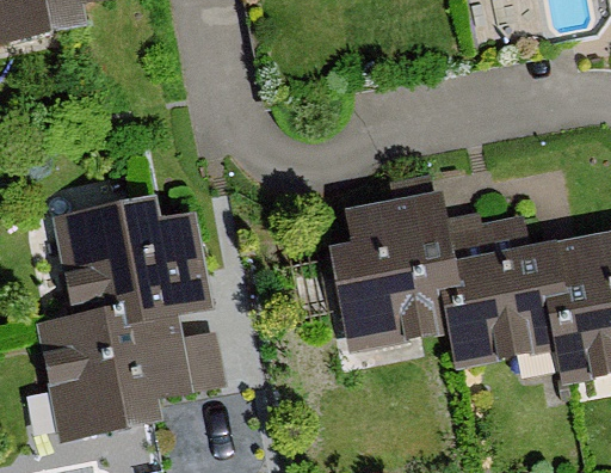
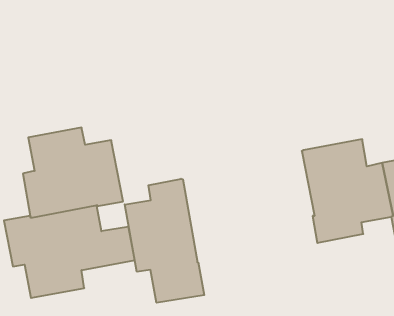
building: [338,204,457,337] -> none
building: none -> [125,179,204,303]

